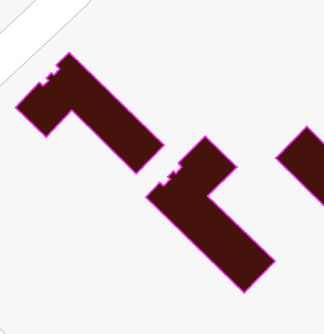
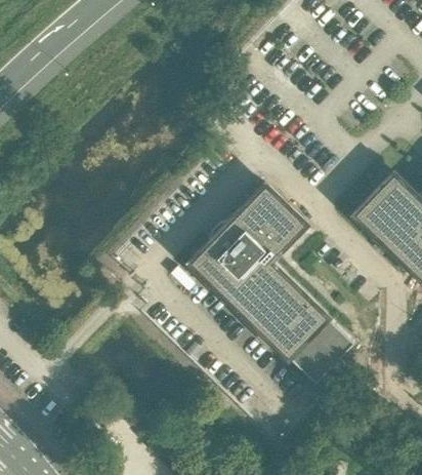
building: [16,53,164,174] -> none

